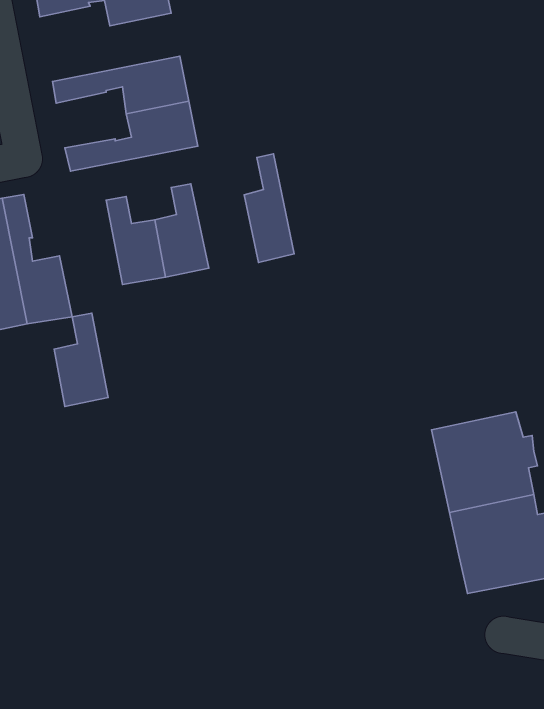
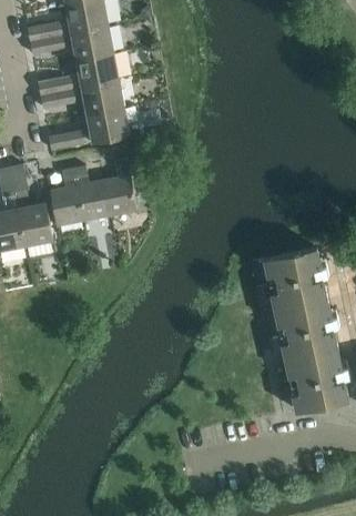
building: none -> [38,53,119,95]
building: [244,154,294,263] -> none
building: [54,313,108,407] -> [50,169,83,226]
building: none -> [264,249,328,311]

